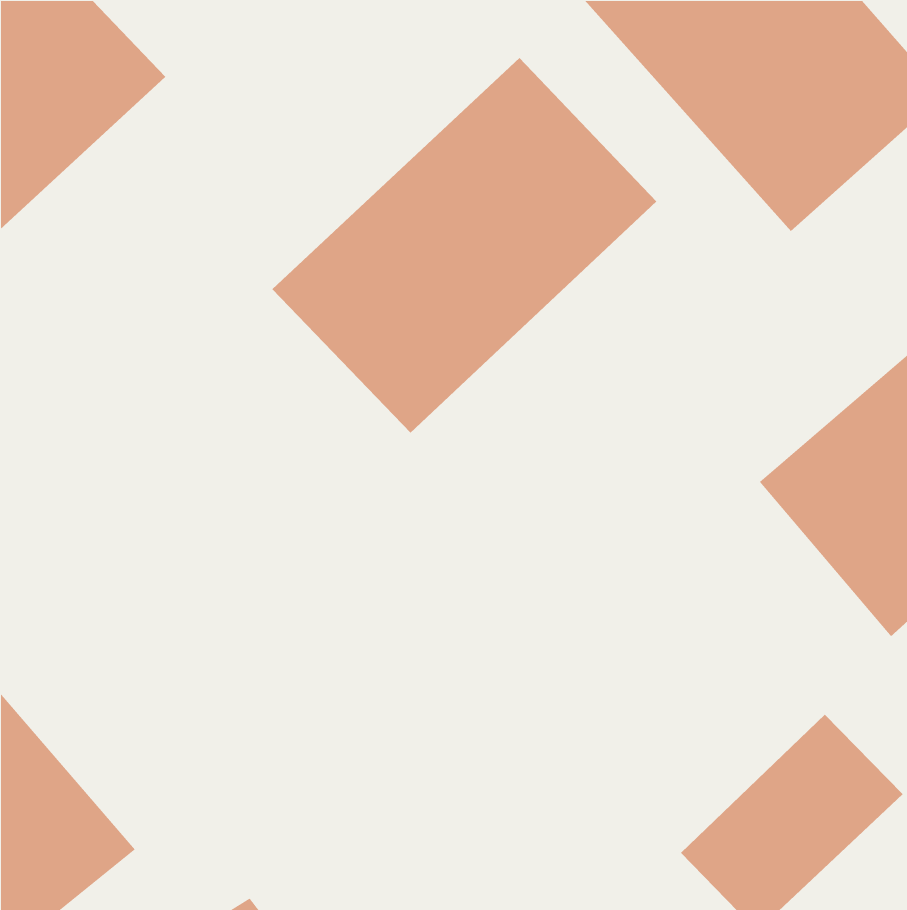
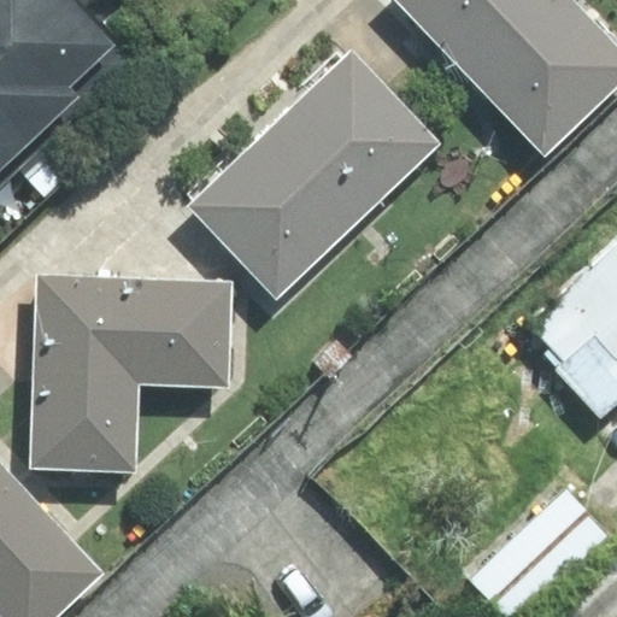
building: none -> [34,277,219,472]

